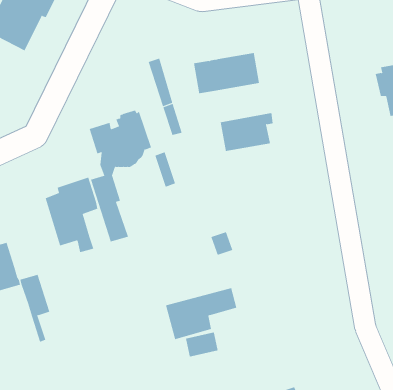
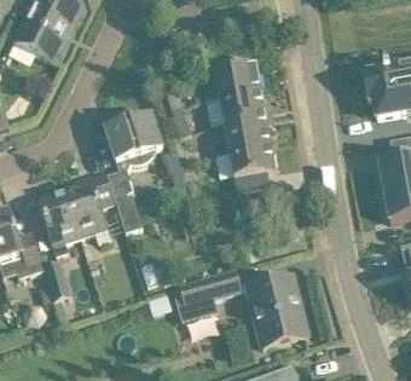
building: none -> [220,88,272,123]
building: none -> [230,143,276,192]
building: none -> [39,192,80,255]
building: none -> [248,276,308,347]

